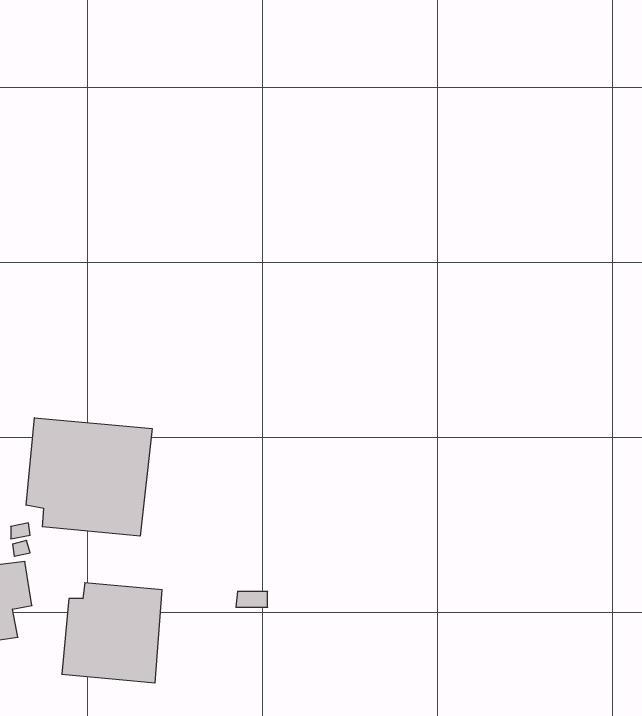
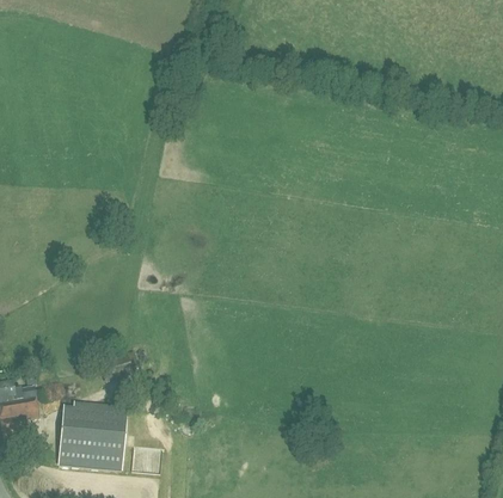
building: [26,418,152,536] -> none

